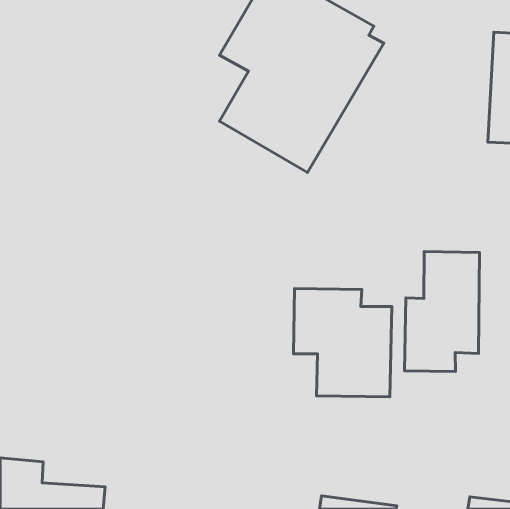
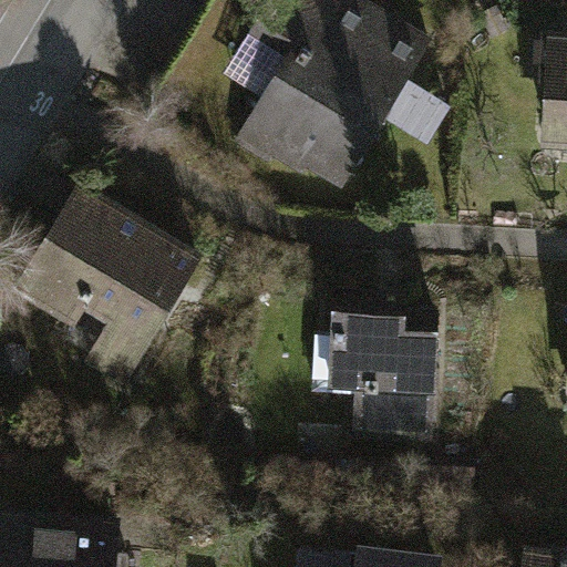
building: none -> [9,183,202,367]
building: [405,252,480,372] -> none

